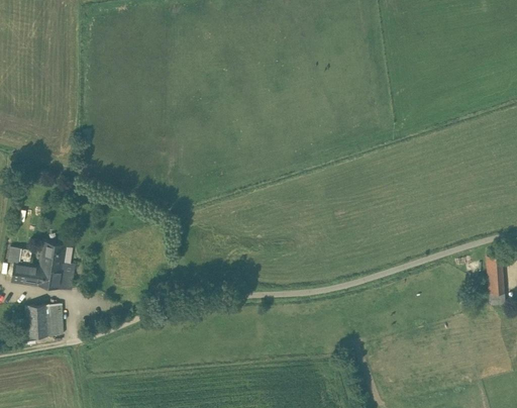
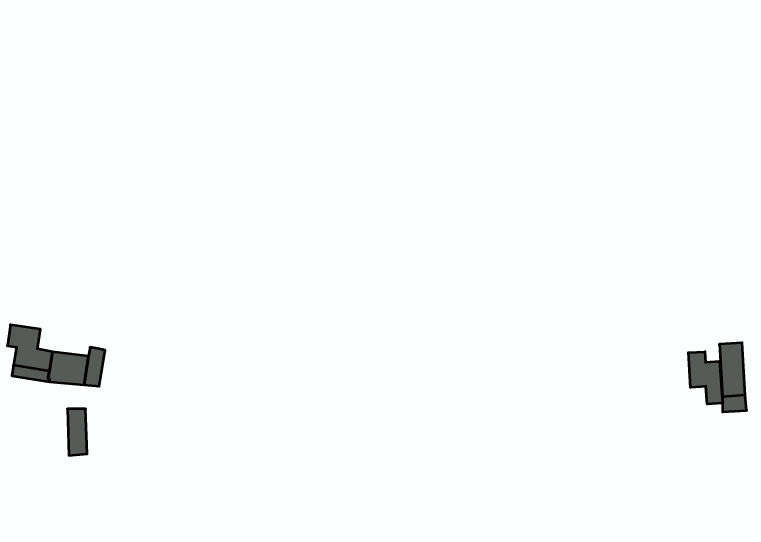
building: [38,242,67,269] -> none
building: none -> [688,352,723,404]
building: [25,304,49,336] -> none

